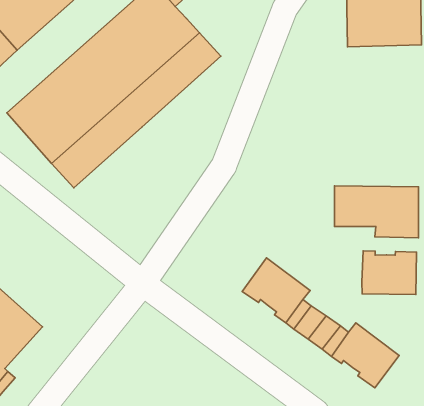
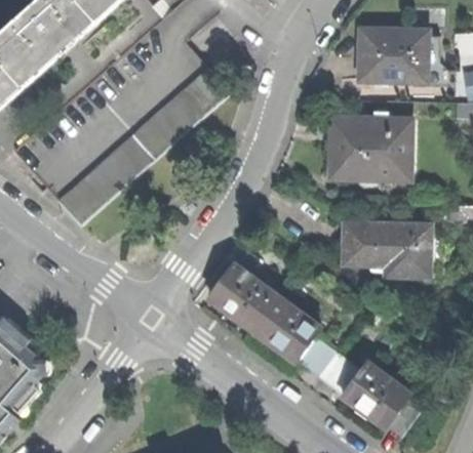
building: none -> [327,111,417,182]
building: none -> [206,265,275,331]
building: [362,251,416,295] -> none

